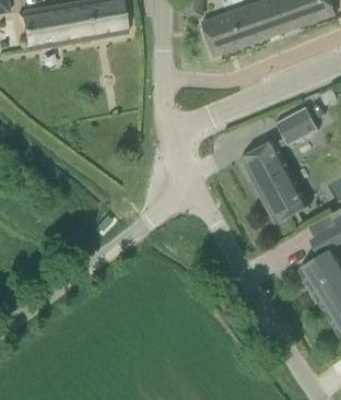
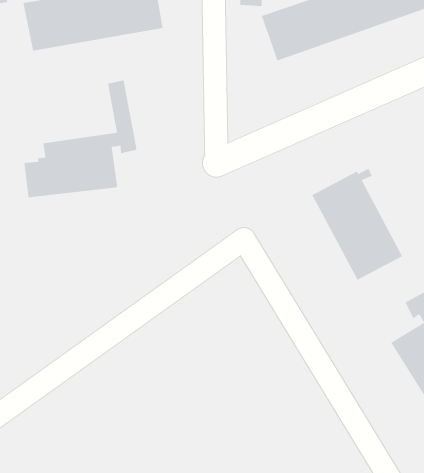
building: none -> [24,79,137,198]
building: [274,107,318,146] -> none

